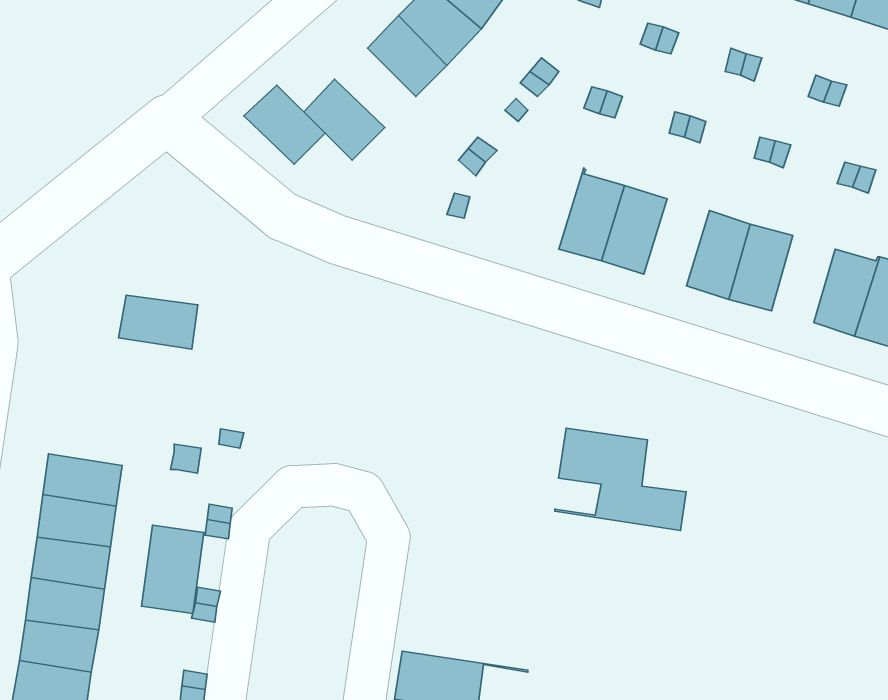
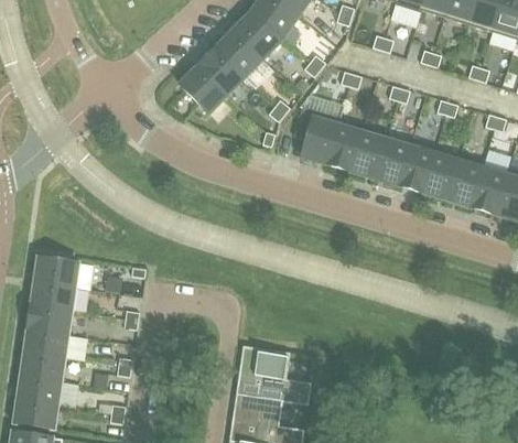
building: [244,85,325,164] -> [197,50,244,95]
building: none -> [292,107,339,164]
building: none -> [374,136,411,185]
building: none -> [446,156,483,206]
building: [119,295,198,349] -> [34,257,79,288]
building: [555,428,686,530] -> [236,346,311,404]
building: [142,525,204,614] -> none

